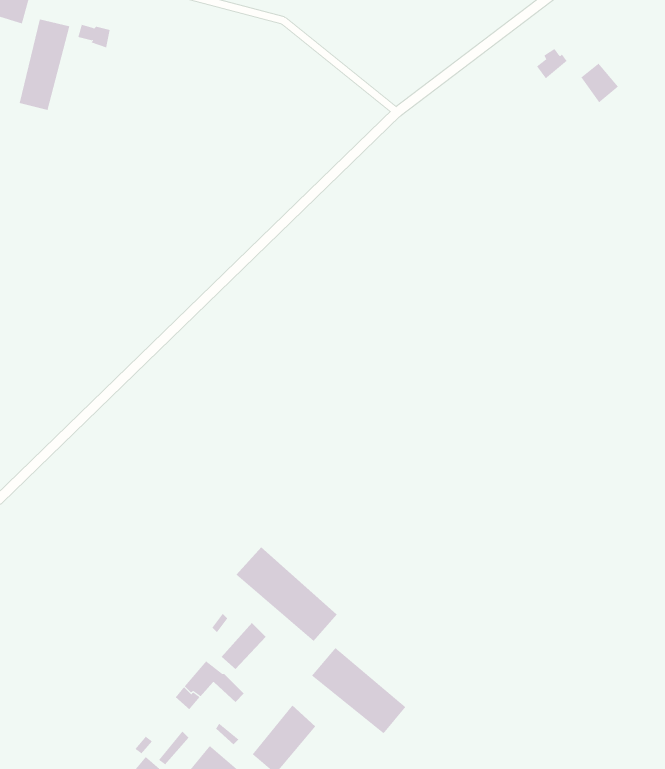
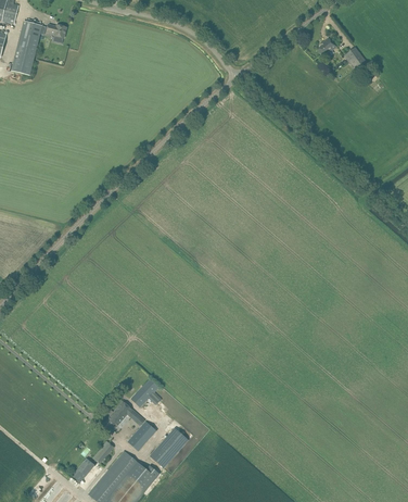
building: [235,546,337,642] -> none
building: [311,647,406,734] -> none

